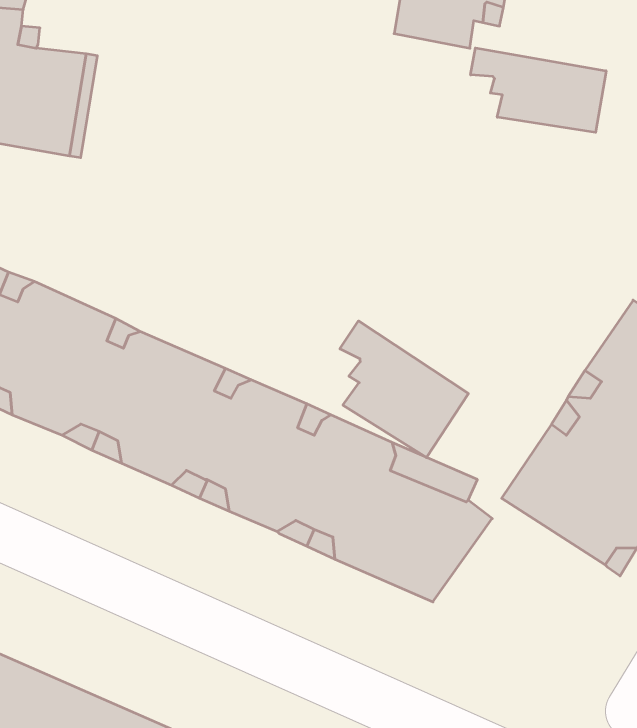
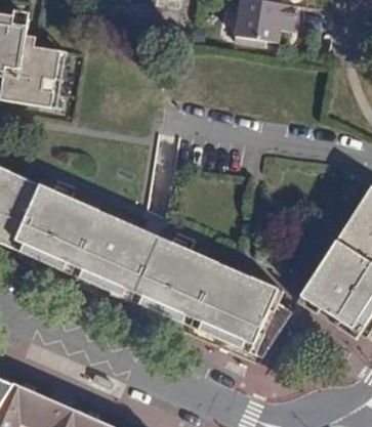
building: [471,48,606,132] -> none
building: [340,321,468,458] -> none

